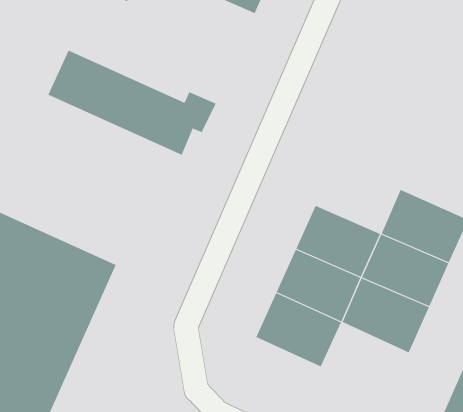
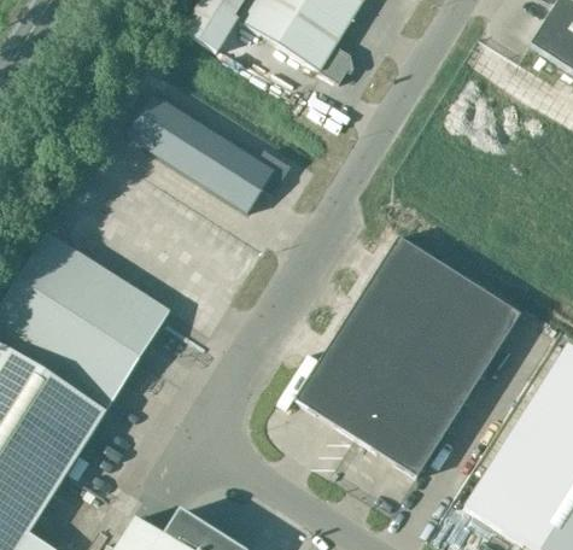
building: none -> [372,236,457,316]
building: none -> [355,397,443,478]

